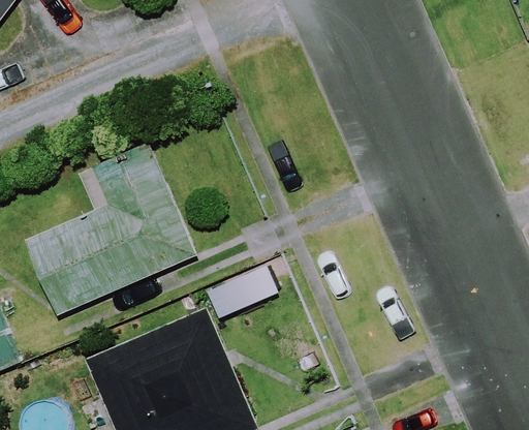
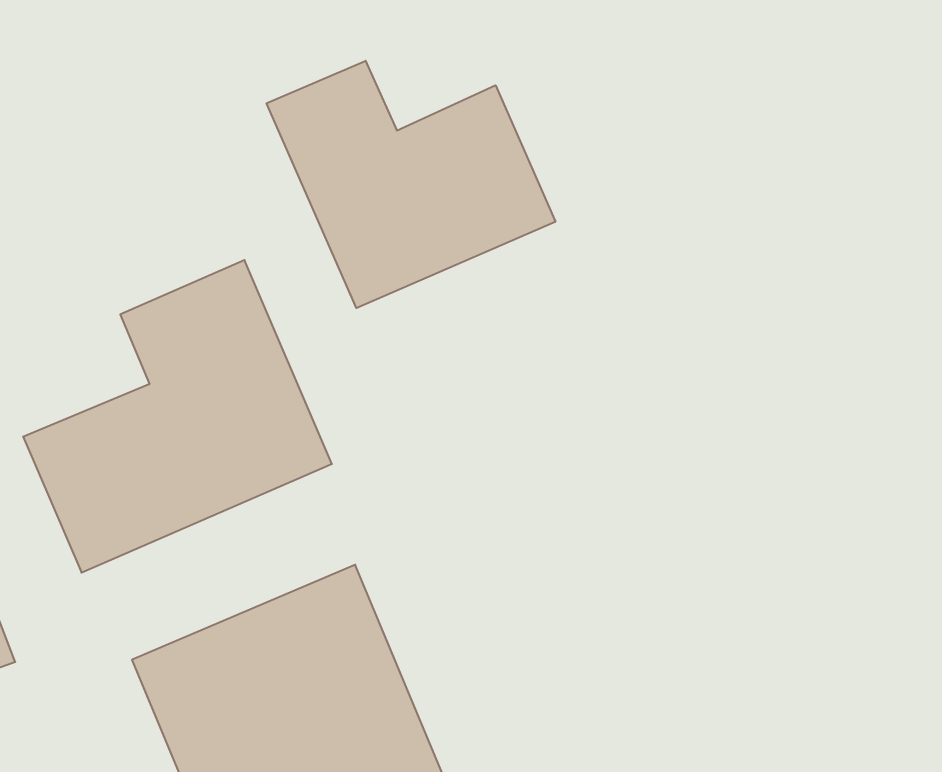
building: none -> [267,61,555,308]

